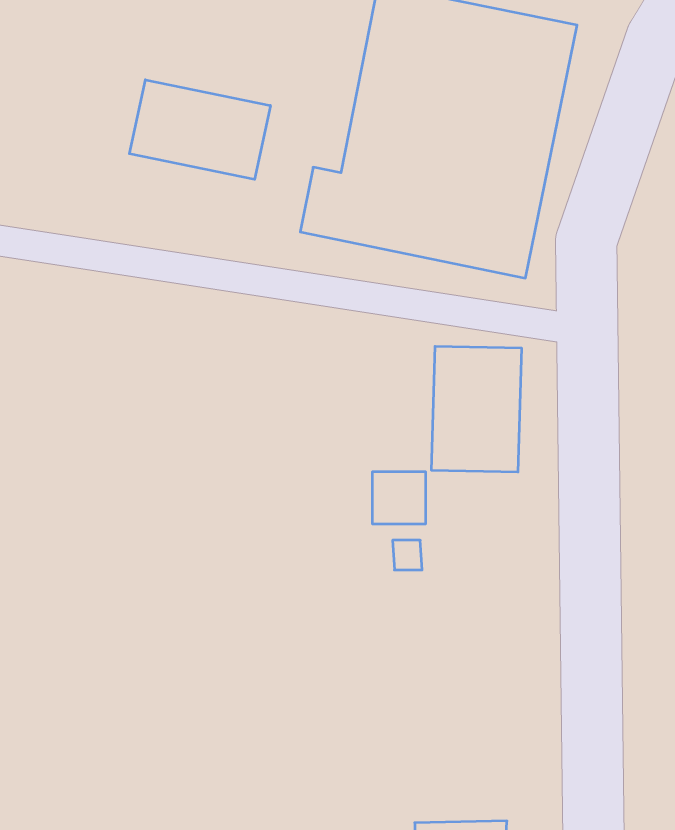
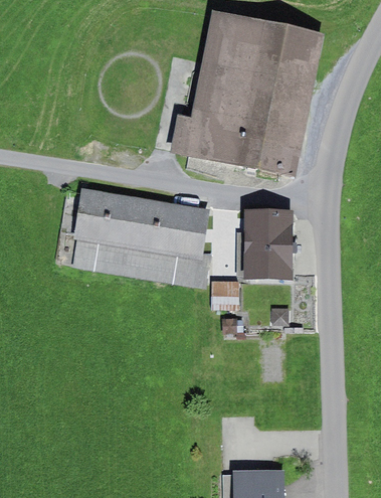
building: [129,80,270,179] -> none
building: none -> [71,187,212,289]

